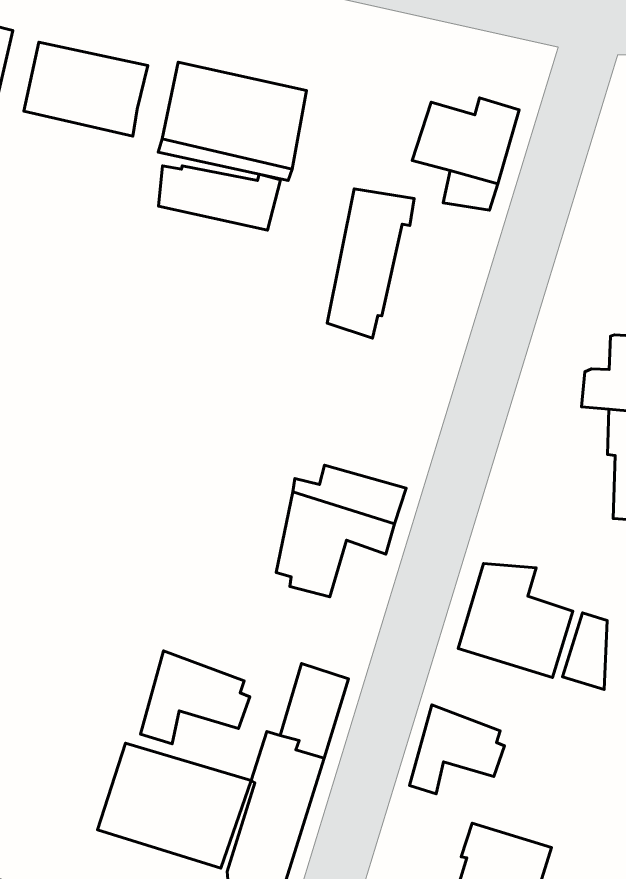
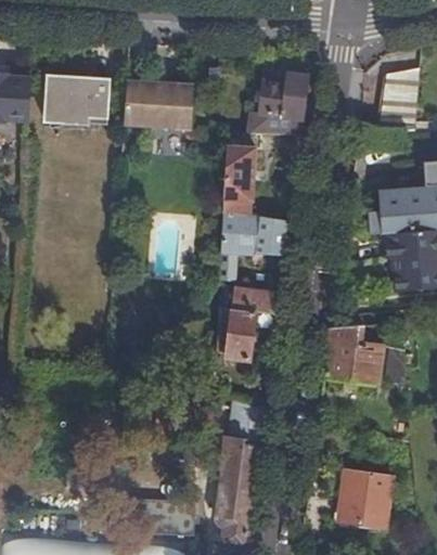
building: [158,166,281,230] -> none
building: none -> [220,209,291,278]
building: [141,651,250,744] -> none
building: [409,705,504,794] -> none
building: [98,743,251,868] -> none

